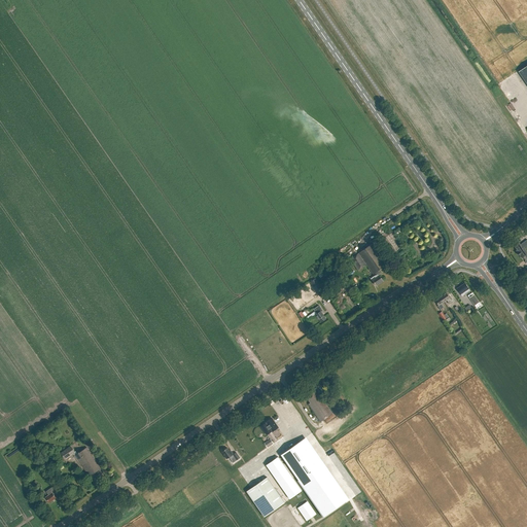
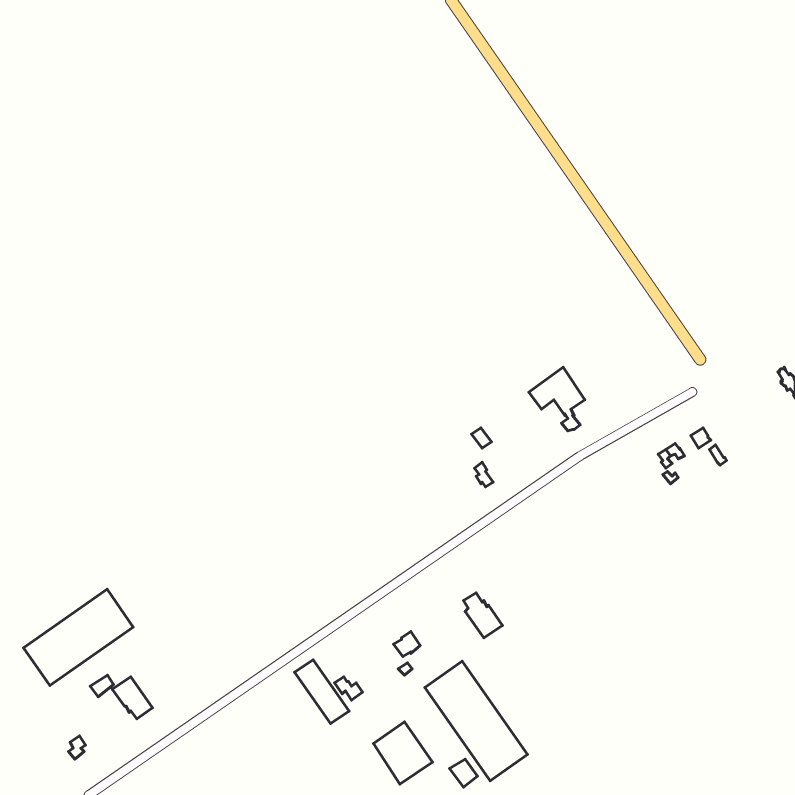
building: none -> [24,589,133,686]
building: [266,457,302,499] -> [295,660,349,723]

